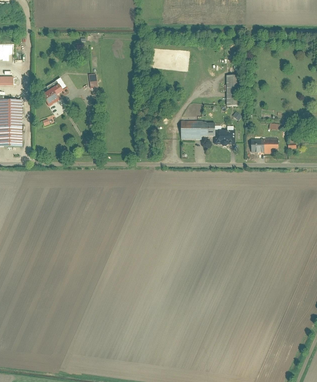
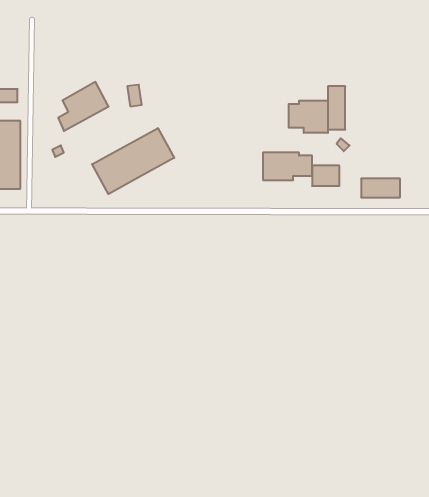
building: none -> [289,101,328,133]
building: none -> [92,128,174,194]

